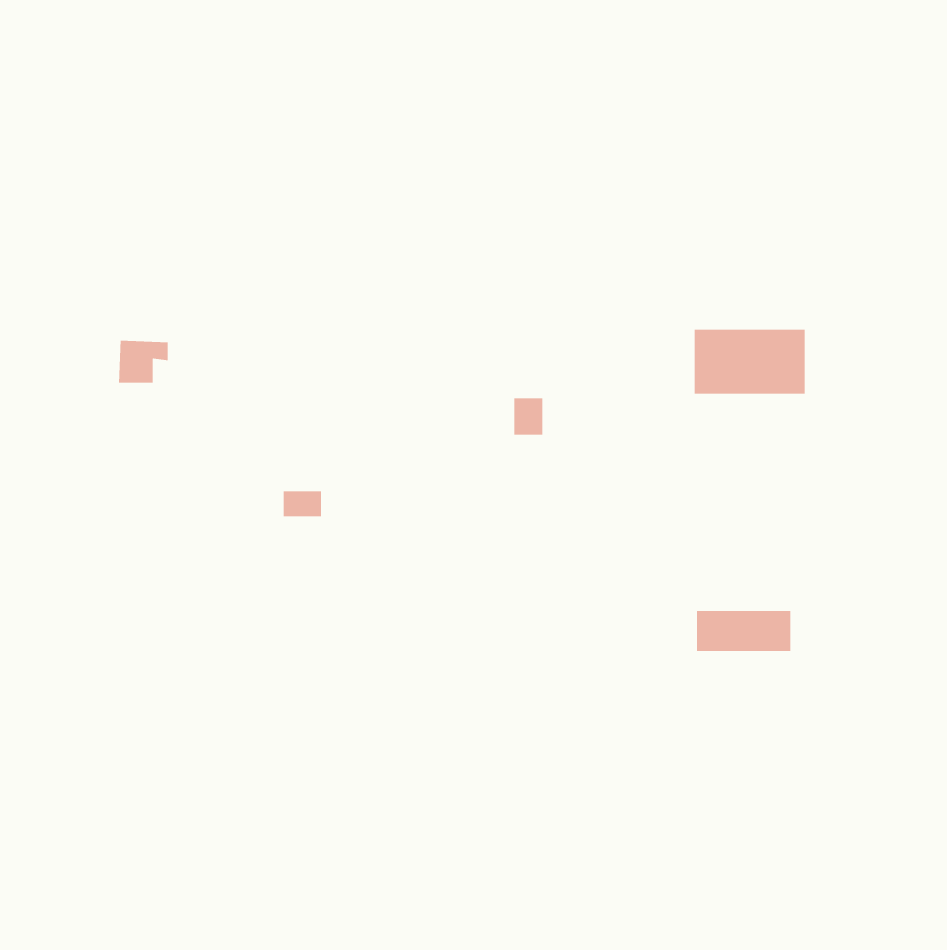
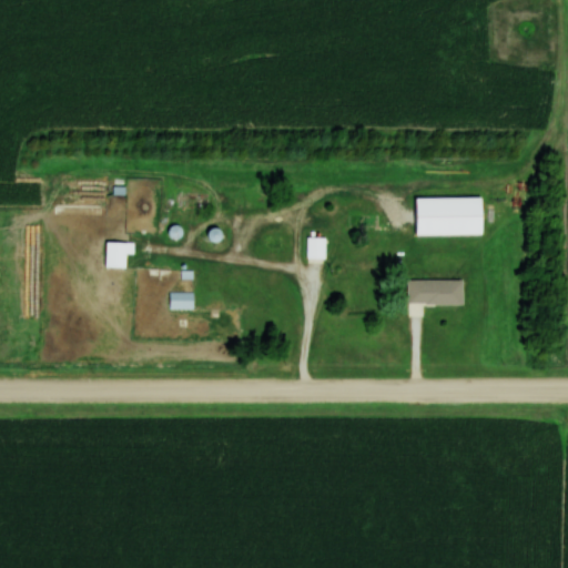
building: [118,340,168,383] -> [105,242,135,267]
building: [696,611,791,651] -> [407,280,464,304]

